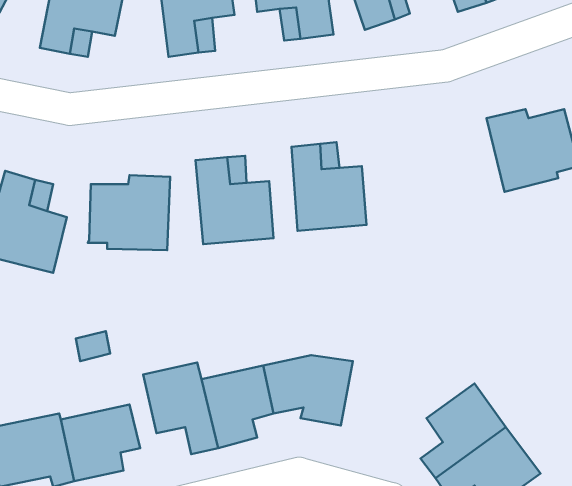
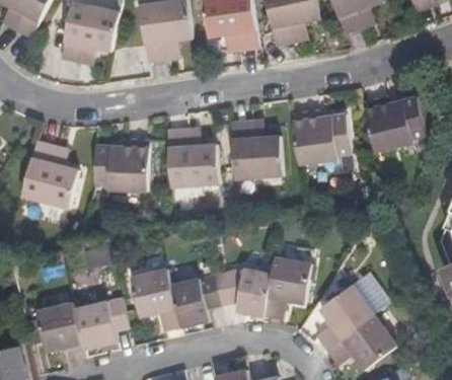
building: none -> [291,110,350,165]
building: none -> [263,253,311,315]

